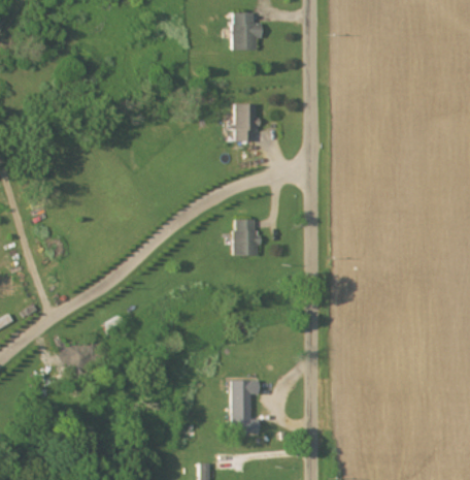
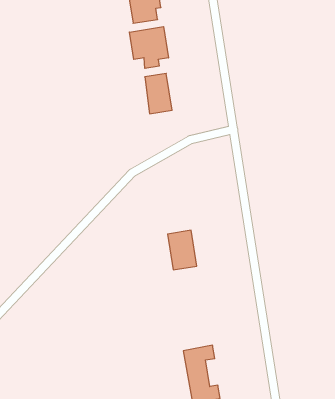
building: none -> [129,27,168,68]
building: [235,219,259,255] -> [168,230,197,270]

